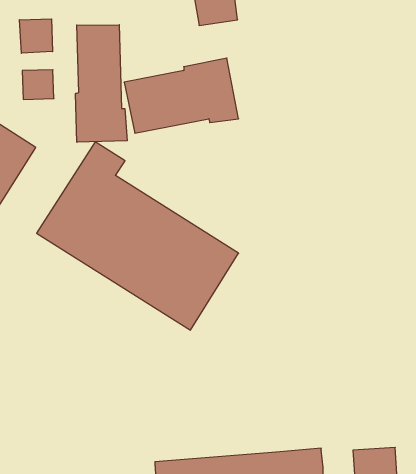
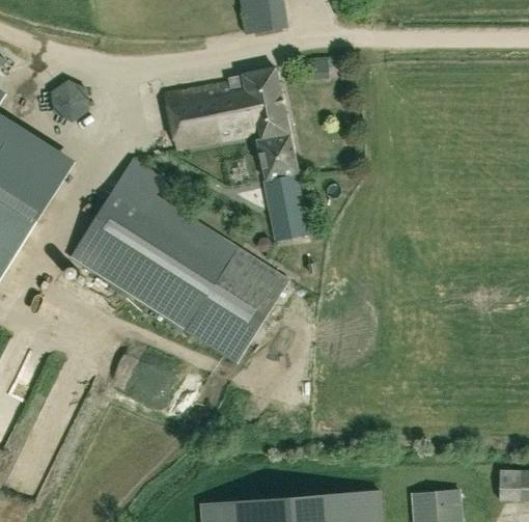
building: [19,19,53,53] -> none
building: [76,25,127,142] -> none
building: none -> [257,134,307,242]

